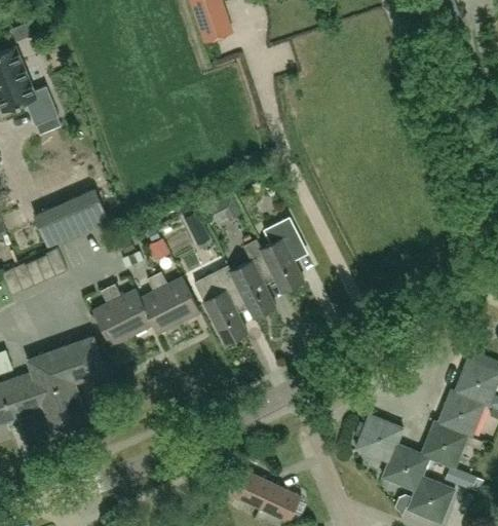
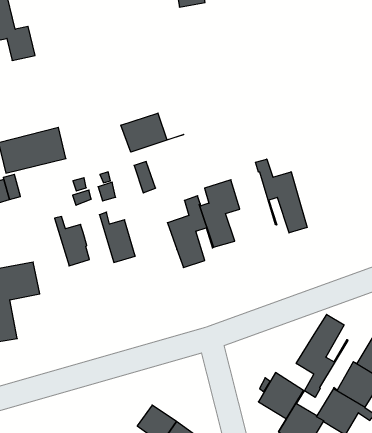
building: none -> [121,113,184,152]
building: none -> [256,159,307,233]
building: [193,265,247,343] -> none
building: [141,275,179,334] -> none
building: [92,287,131,345] -> none
building: none -> [296,314,348,397]

